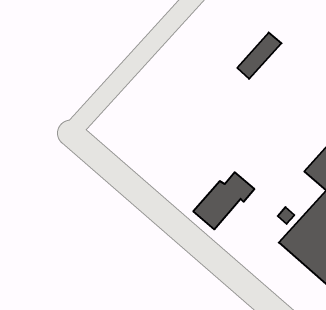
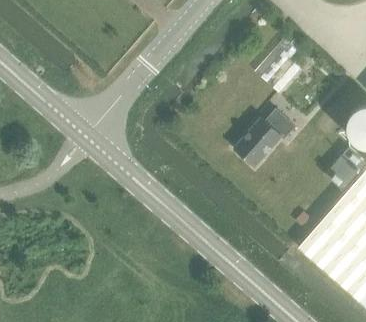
building: [193,172,254,229] -> [234,108,296,166]

